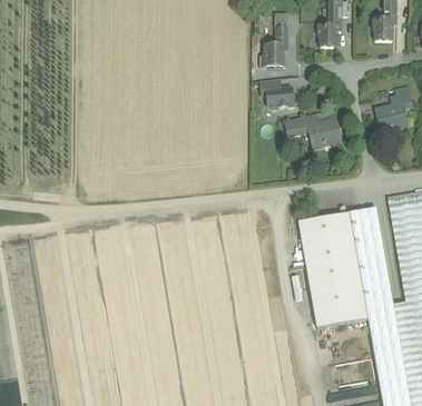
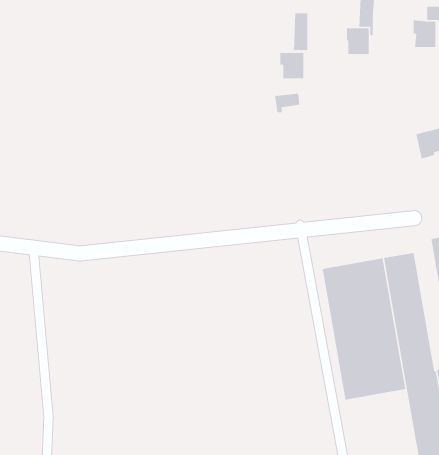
building: [266,86,293,108] -> none
building: [284,113,341,147] -> none

